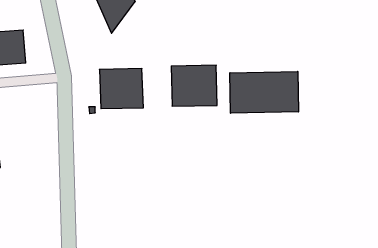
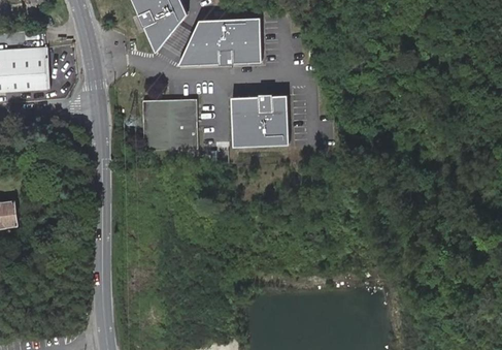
building: none -> [177,18,261,68]
building: [230,71,298,113] -> none

